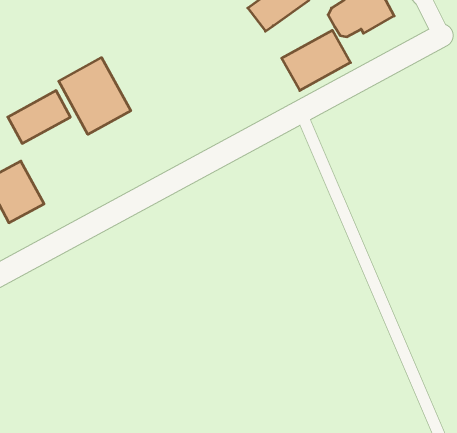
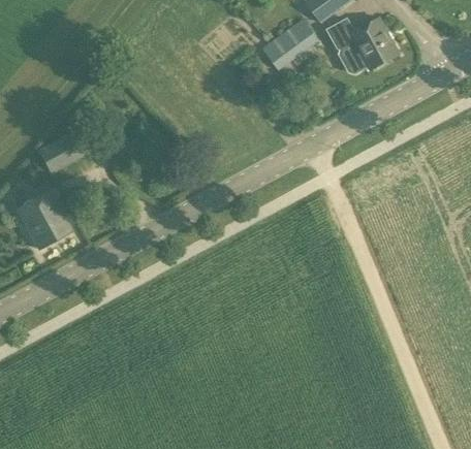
building: [282,30,351,91] -> none
building: [59,58,131,134] -> none

